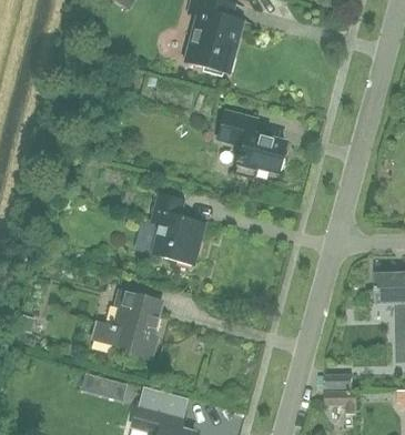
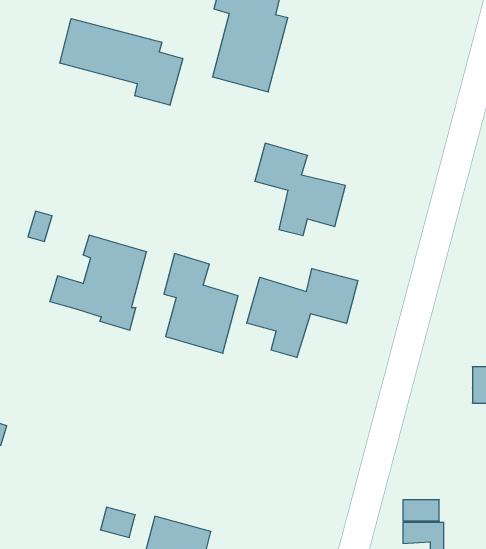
building: none -> [60,19,183,105]
building: none -> [247,269,358,358]
building: [90,290,161,360] -> [50,235,147,330]

